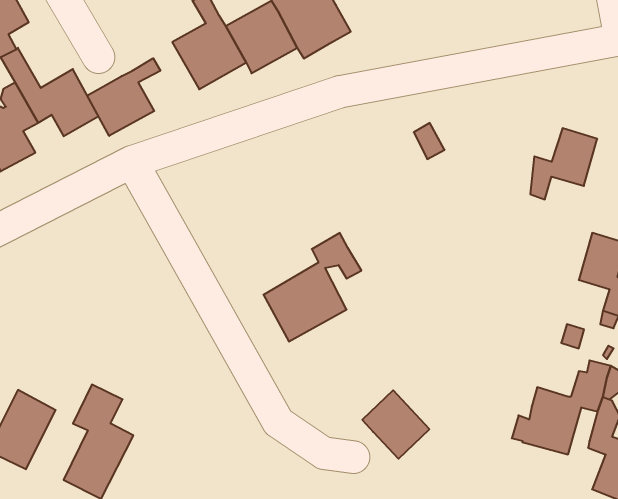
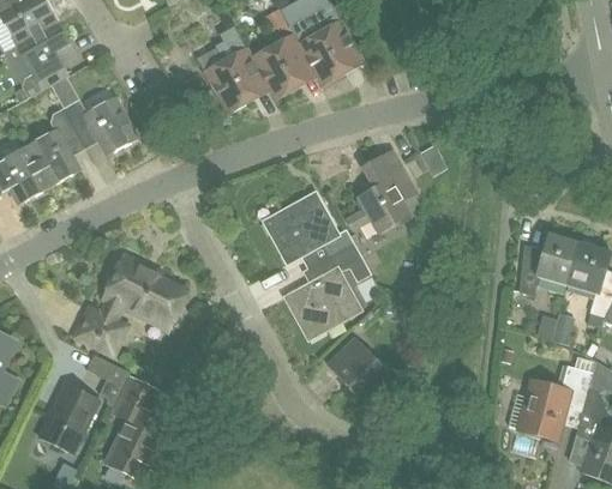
building: [87,58,160,136] -> none
building: [530,128,597,199] -> [520,231,580,295]
building: none -> [358,149,418,233]
building: none -> [264,191,354,261]
building: none -> [78,255,186,351]
building: none -> [86,352,130,405]
building: [362,390,429,459] -> [328,337,388,398]

